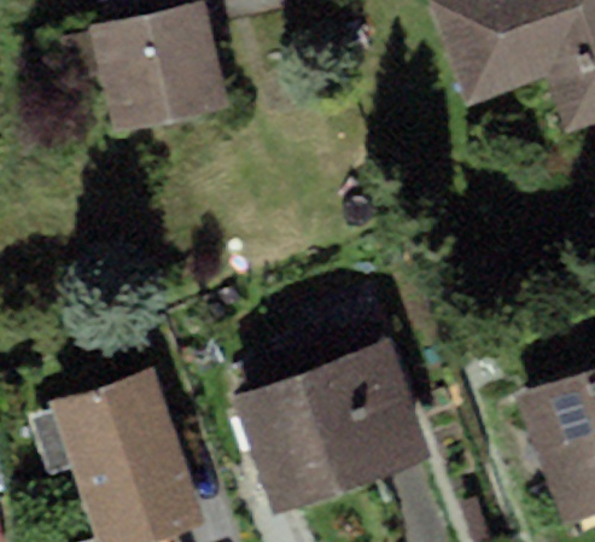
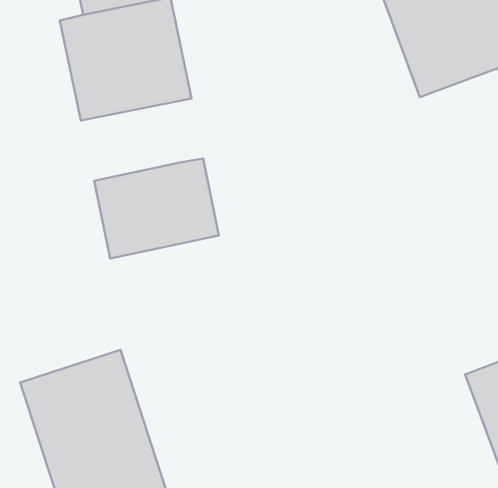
building: none -> [94,158,219,259]
building: [239,340,427,506] -> none

